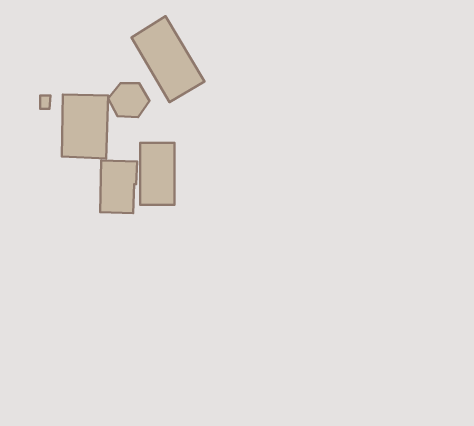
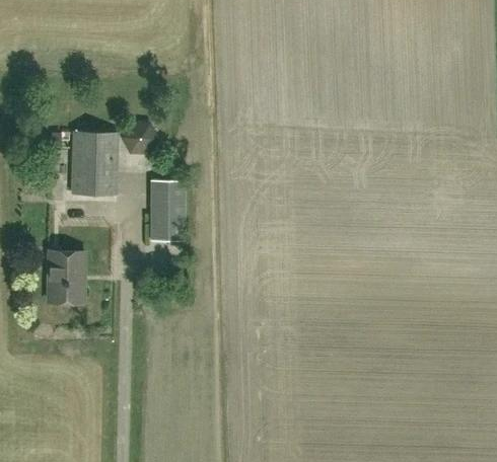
building: [132,16,205,102] -> none
building: [100,161,137,213] -> [48,250,84,302]

